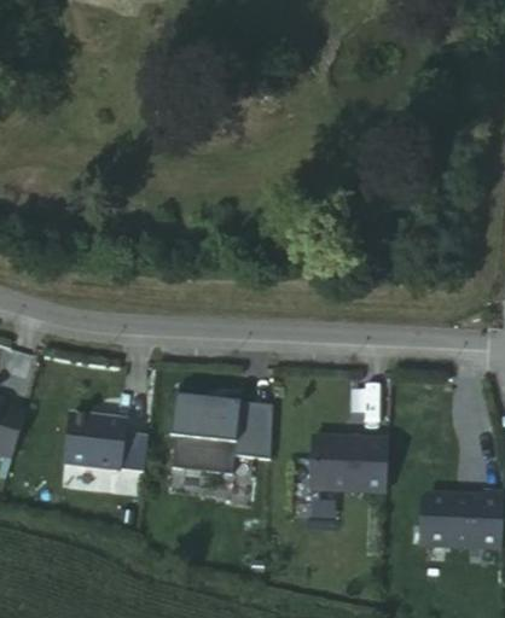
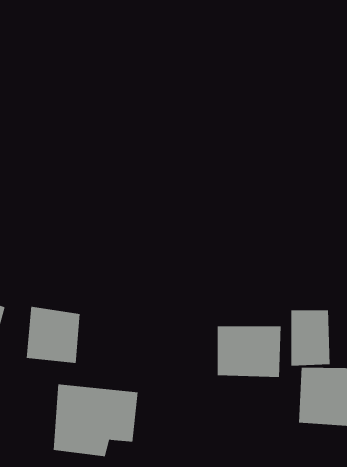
building: [167,389,279,484] -> [53,384,139,457]
building: none -> [291,310,330,366]

